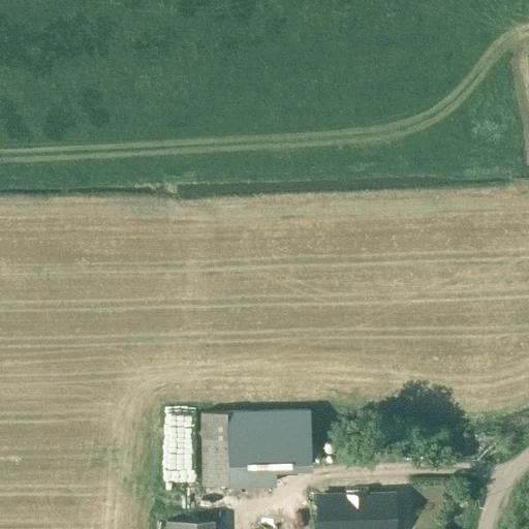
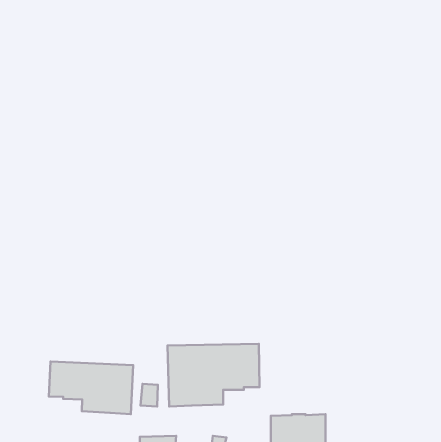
building: none -> [49,361,133,414]

